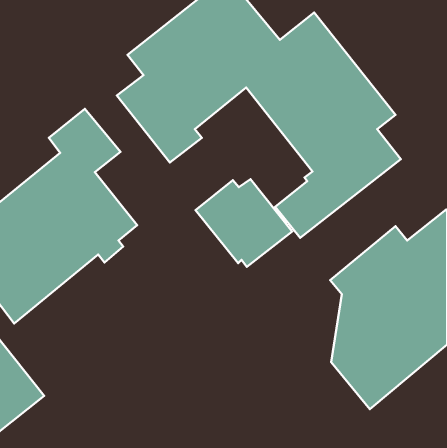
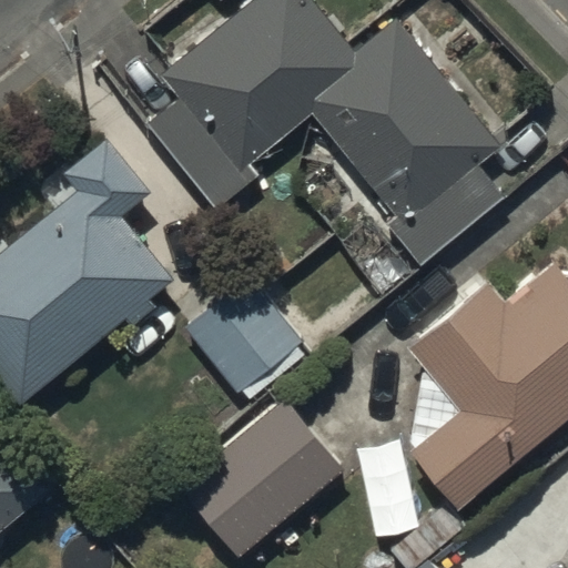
building: [196,179,292,267] -> [183,284,304,394]
building: none -> [183,398,346,557]

